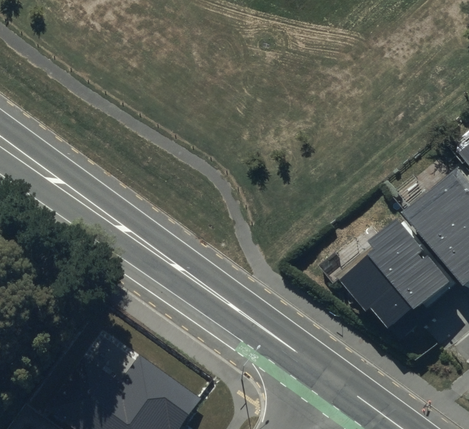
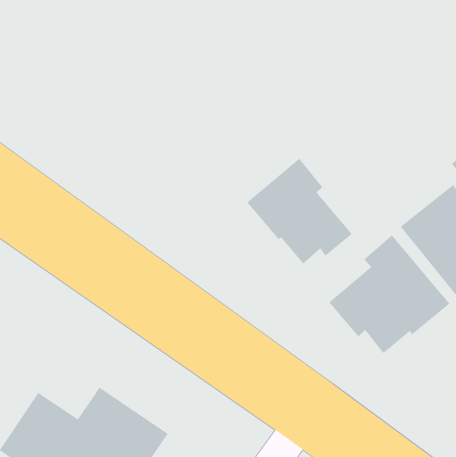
building: none -> [247,158,352,264]

